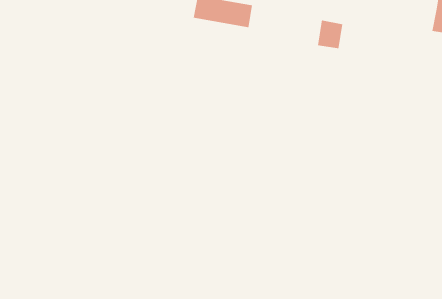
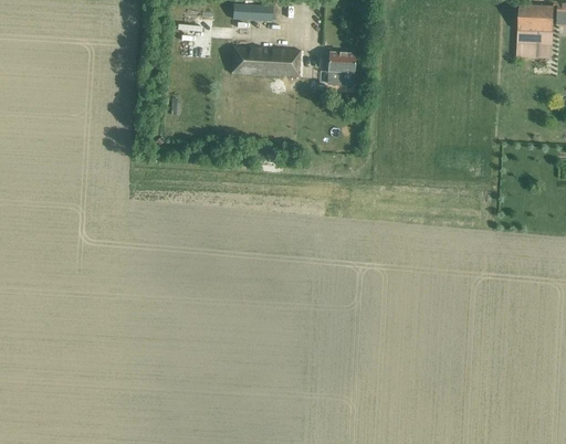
building: [317,20,343,49] -> [327,51,355,83]

